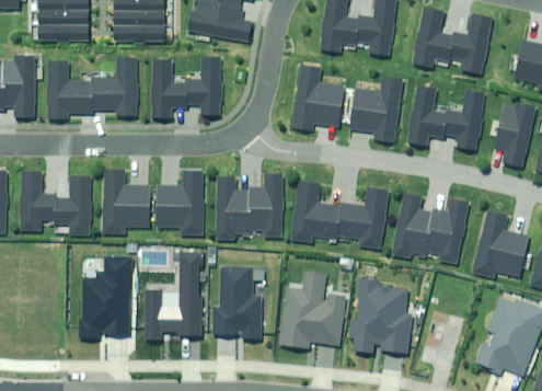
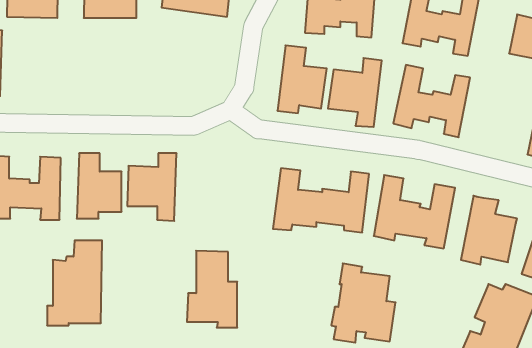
building: [51,59,138,120] -> none
building: [153,59,218,118] -> none
building: [495,104,534,166] -> none
building: [216,177,281,237] -> none
building: [145,249,201,336] -> none
building: [278,268,344,345] -> none

